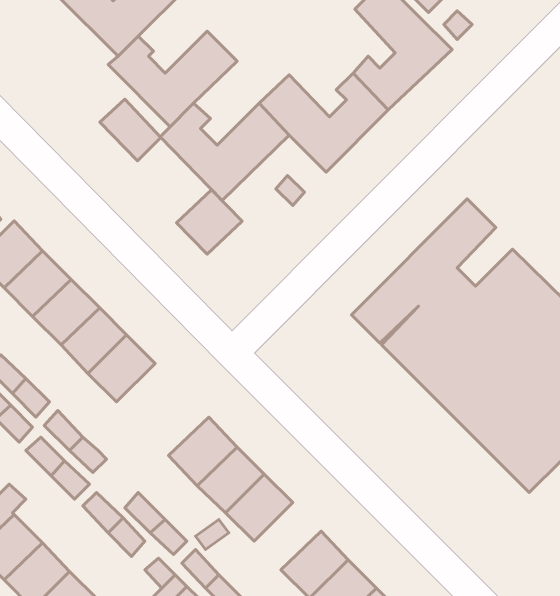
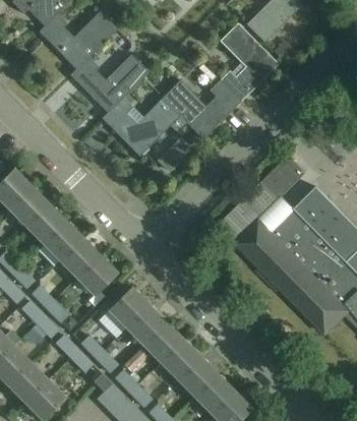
building: [100,99,161,161] -> none
building: [177,190,242,254] -> none
building: none -> [76,255,117,297]
building: none -> [160,340,200,380]

